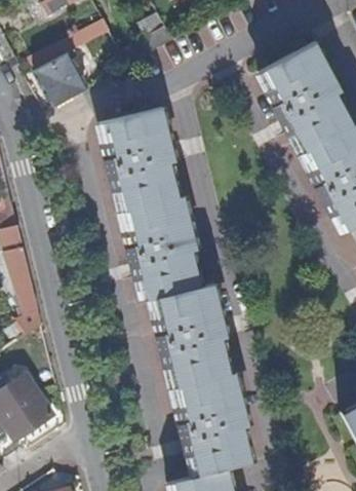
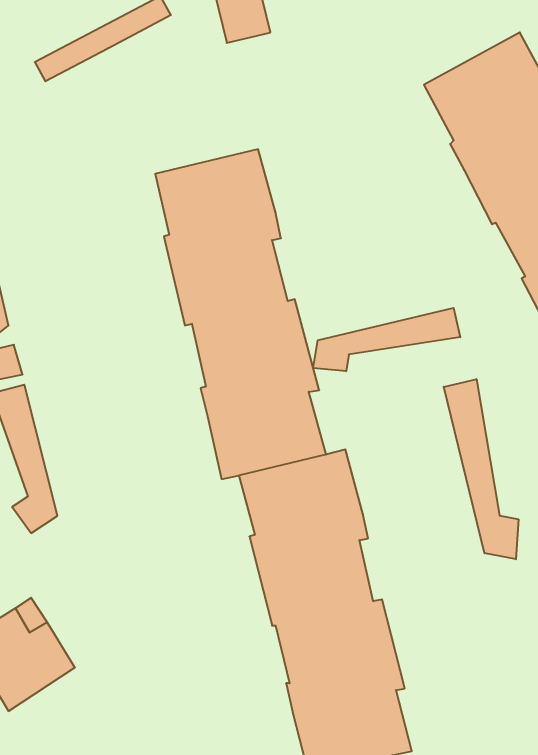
building: [36,49,88,105] -> none
building: none -> [313,308,460,371]
building: none -> [444,379,518,559]

